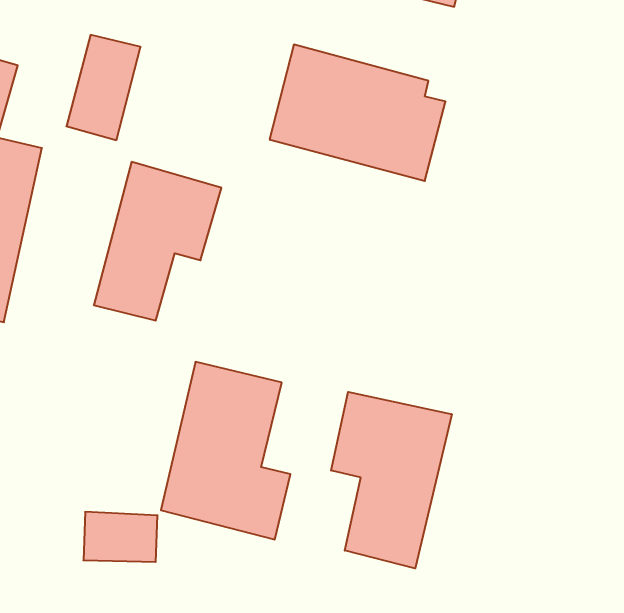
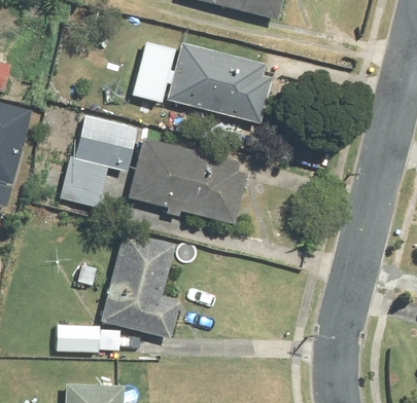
building: [66,35,141,140] -> [131,41,175,104]
building: none -> [130,137,248,225]
building: [331,392,452,568] -> none

